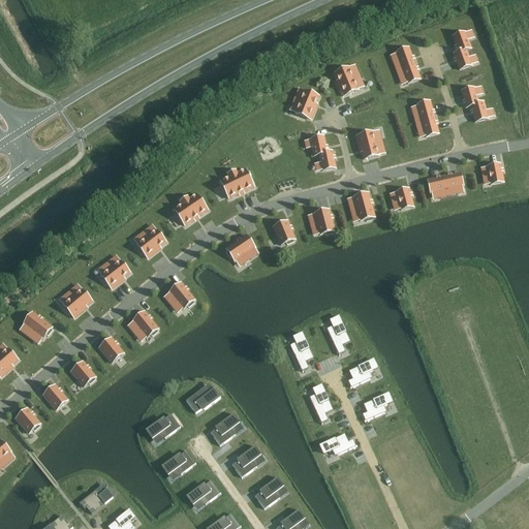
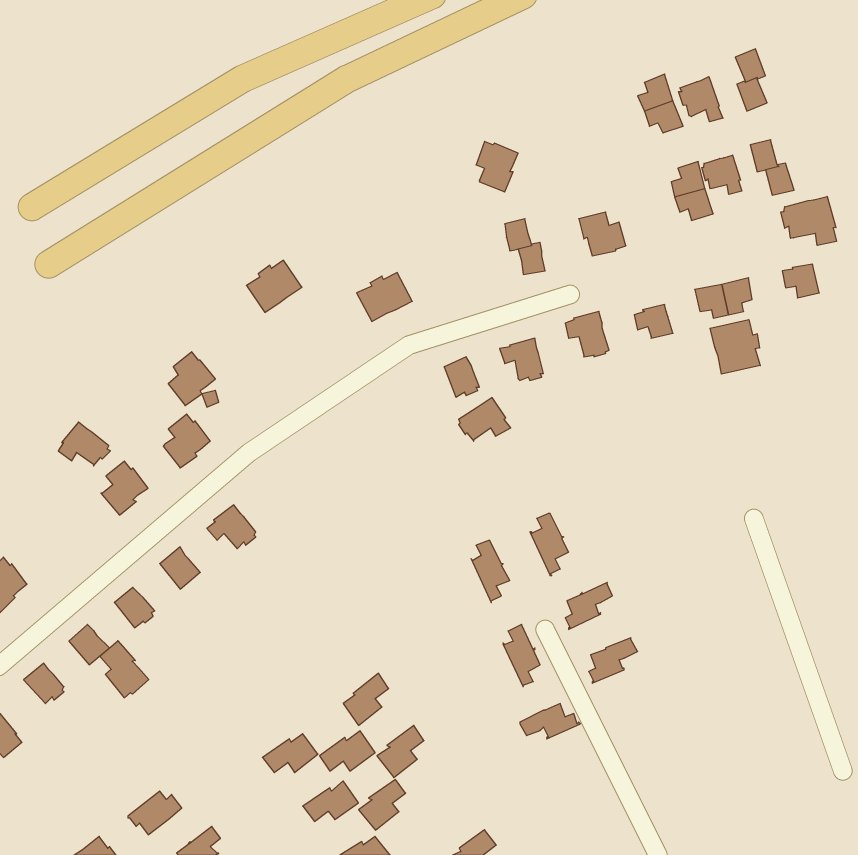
building: none -> [679,77,723,122]
building: [334,63,360,94] -> none
building: none -> [702,155,742,194]
building: none -> [781,196,836,245]
building: [173,192,207,224] -> [246,260,302,312]
building: none -> [710,320,760,374]
building: [136,223,165,256] -> [168,352,215,406]
building: [225,234,257,260] -> [459,398,511,441]
building: [163,281,194,308] -> none
building: [20,311,52,338] -> [58,422,110,466]
building: [186,388,220,412] -> none
building: none -> [100,641,149,698]
building: [146,413,180,438] -> [320,731,375,771]
building: [254,477,283,508] -> [359,780,406,830]

